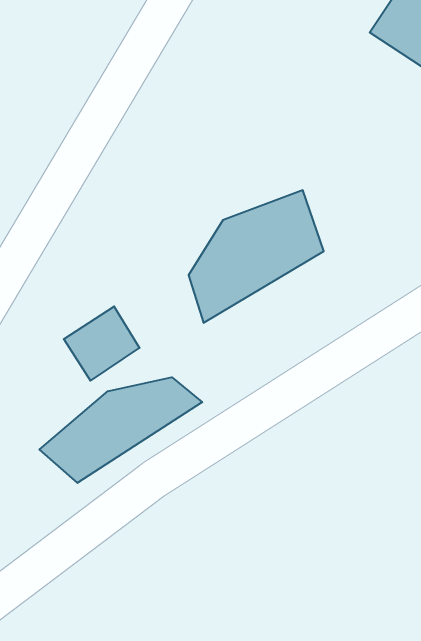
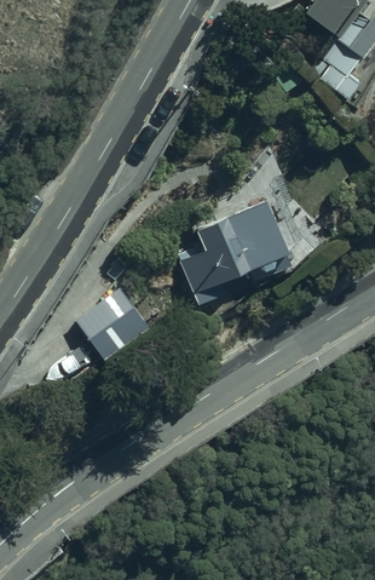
building: [39,377,202,483] -> none

